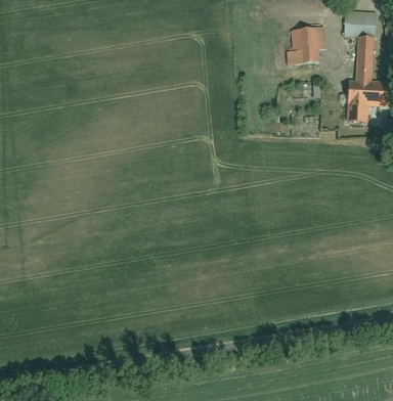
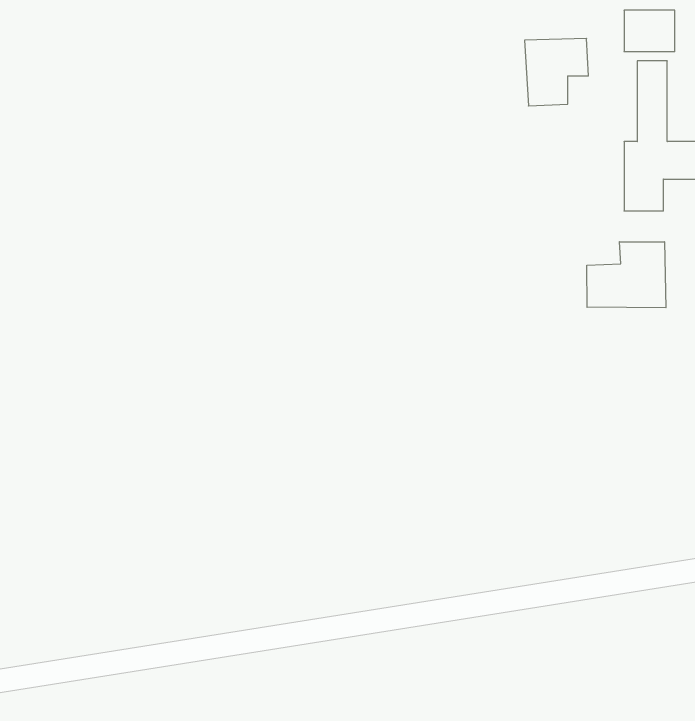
building: none -> [587,242,666,308]

